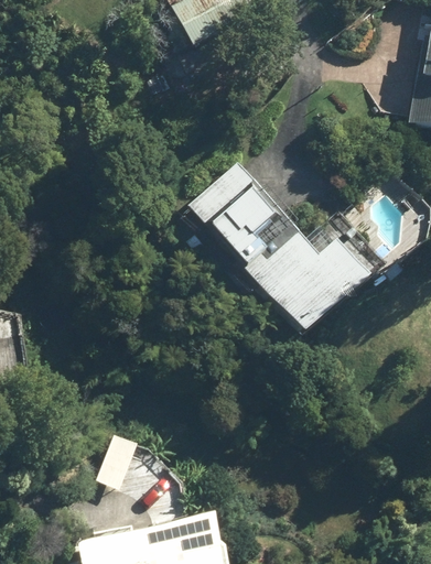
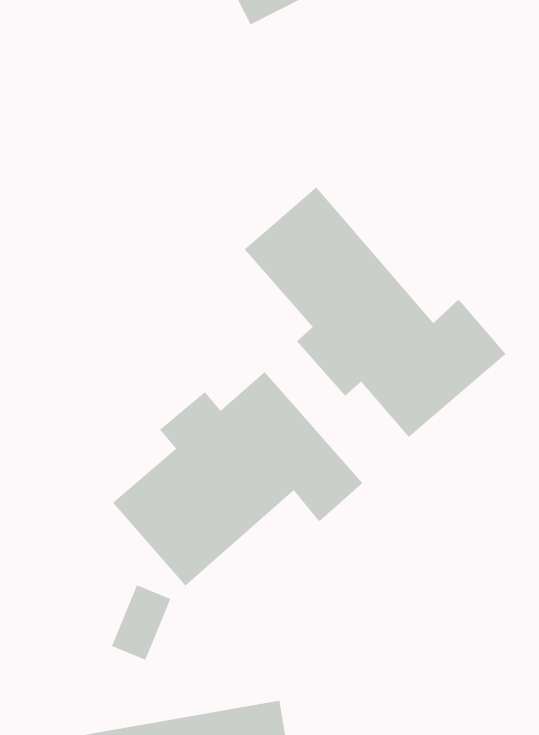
building: none -> [112,371,363,587]

